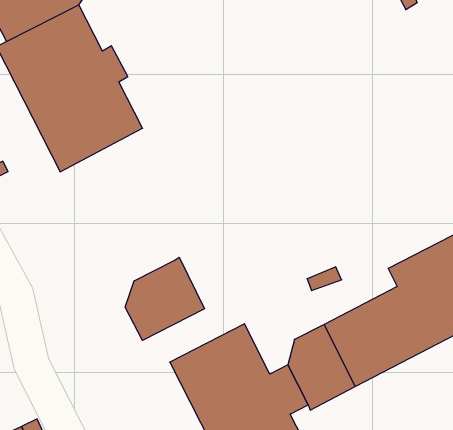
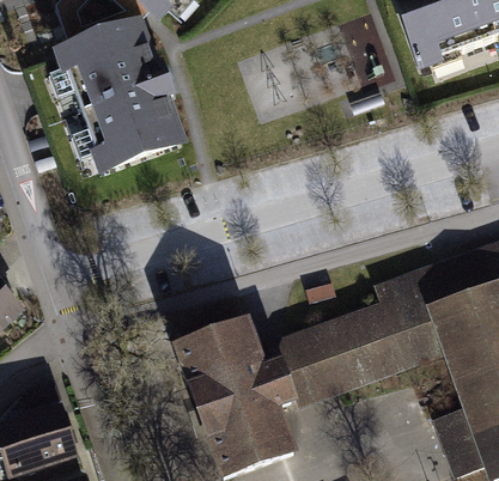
building: [125,257,204,340] -> none

